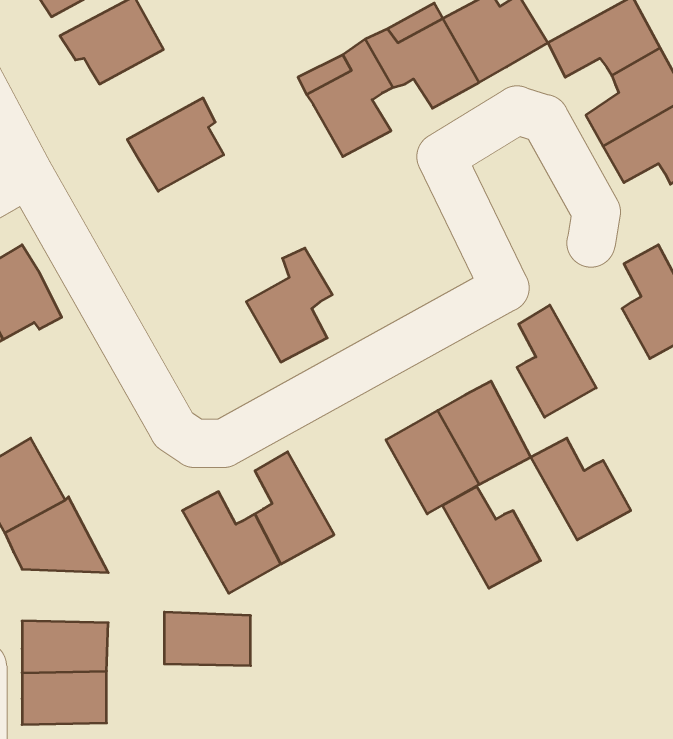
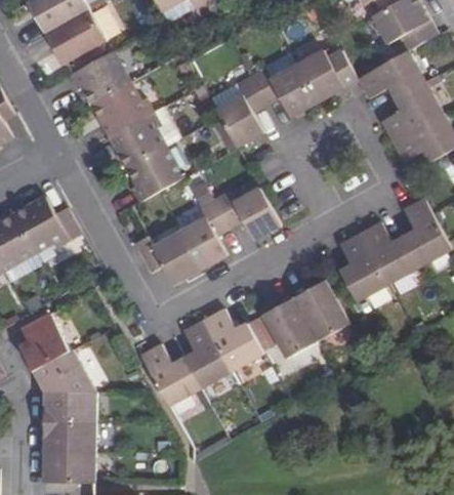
building: none -> [91,82,153,135]
building: none -> [126,145,182,201]
building: none -> [213,187,278,238]
building: none -> [133,232,199,283]
building: [531,438,631,540] -> [359,222,418,283]
building: [442,486,541,588] -> [203,310,261,370]
building: [164,612,251,666] -> [45,390,96,422]

